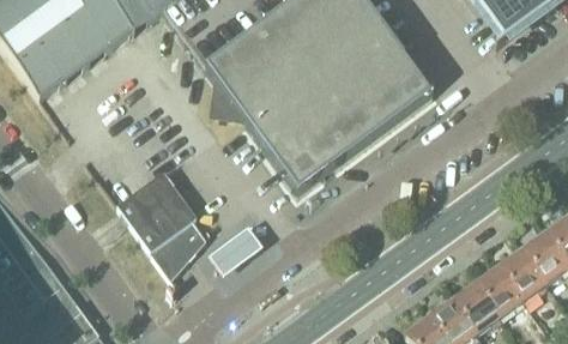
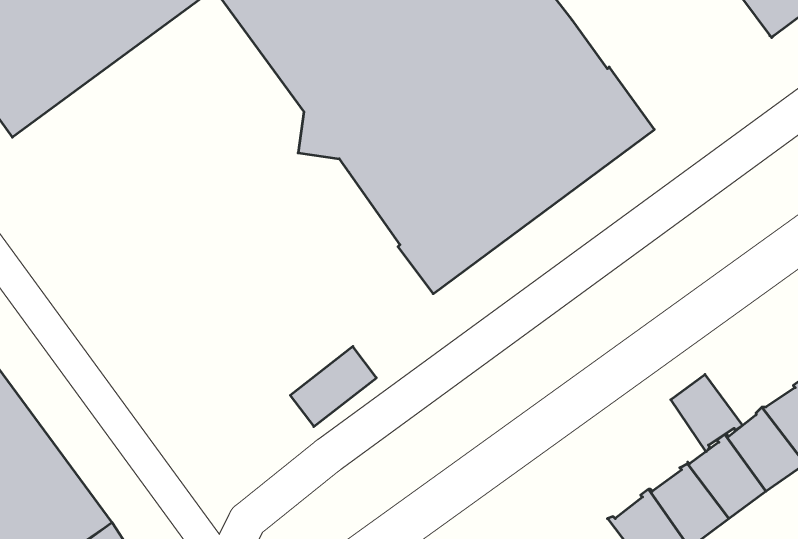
building: [119,170,206,272] -> none
building: none -> [671,374,742,452]

